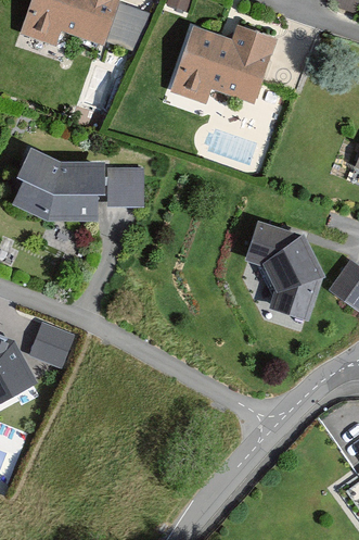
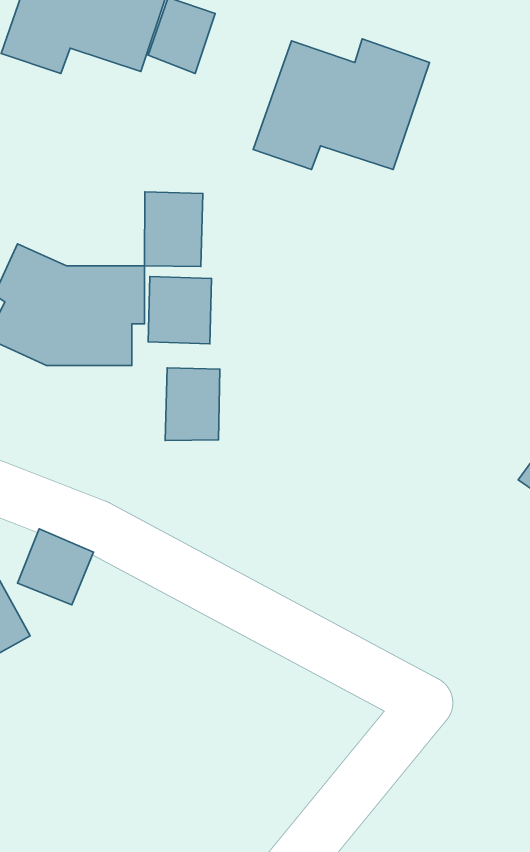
building: none -> [144,192,203,266]
building: none -> [165,368,220,441]
building: [245,223,322,322] -> none

